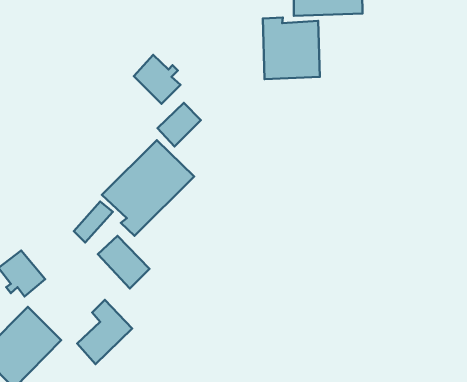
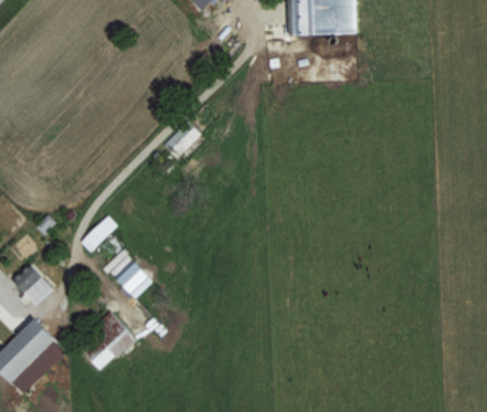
building: [263,17,320,79] -> none
building: [134,55,181,104] -> none
building: [102,140,194,236] -> none

